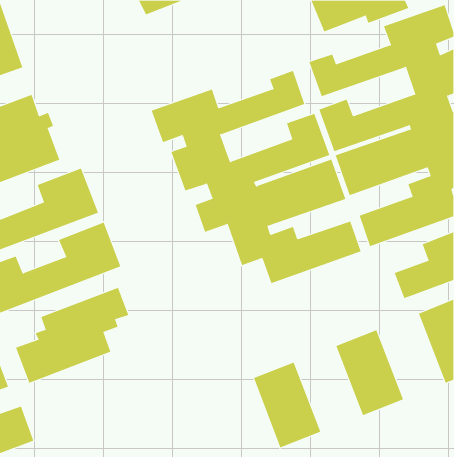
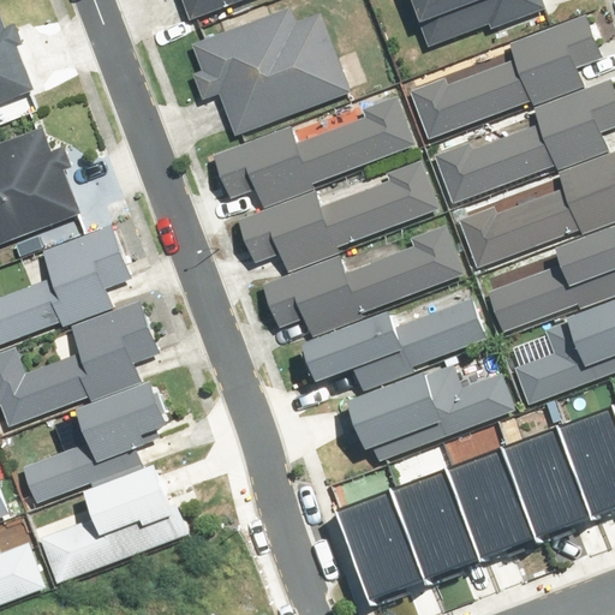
building: none -> [193,16,351,137]
building: none -> [356,368,510,454]
building: none -> [504,422,596,537]
building: none -> [394,465,485,580]
building: none -> [48,472,192,584]

